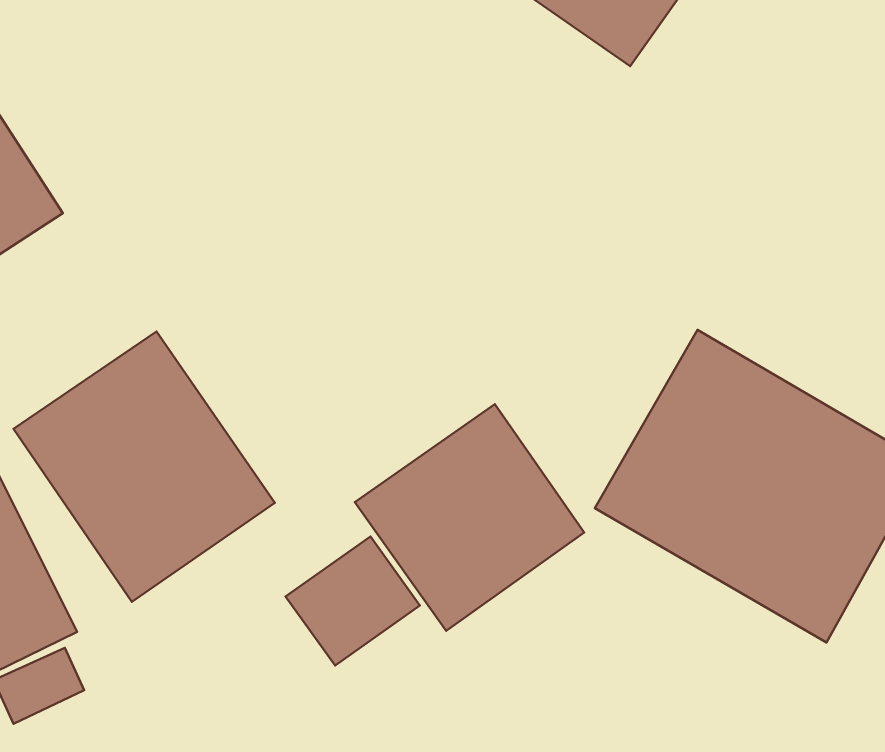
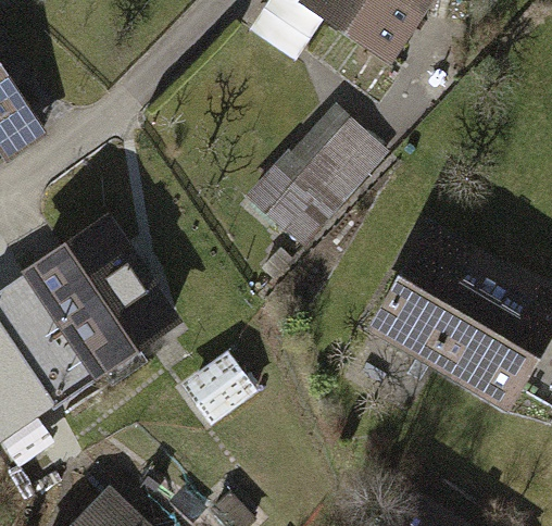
building: none -> [237,113,385,262]
building: [355,404,584,631] -> none

